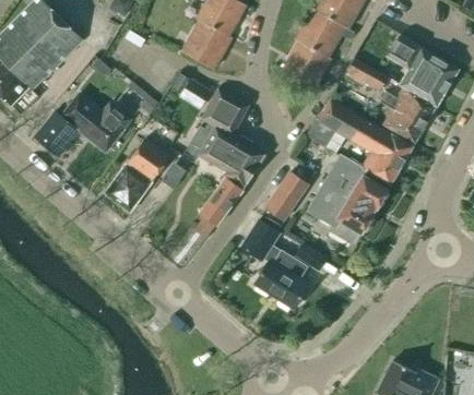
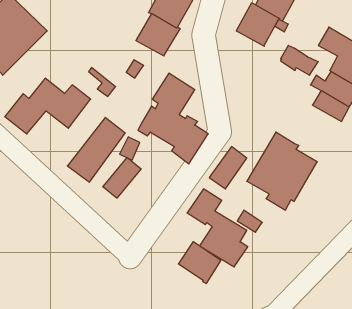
building: [281,41,331,91] -> none
building: [318,99,413,183] -> none
building: [198,179,241,225] -> [103,158,141,198]
building: none -> [178,242,221,284]

